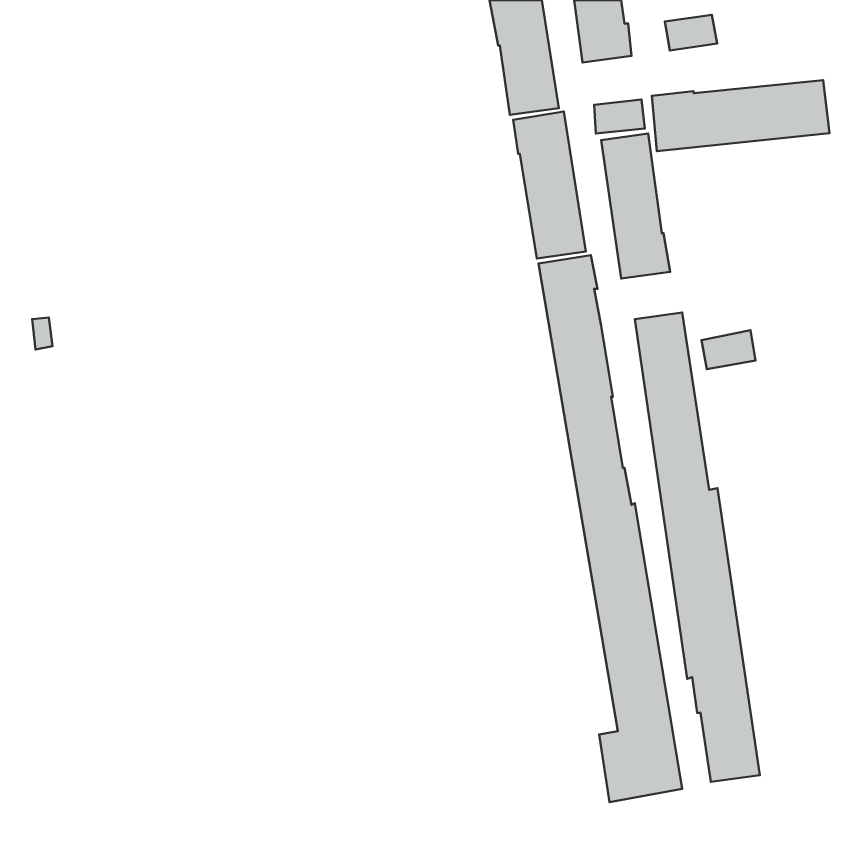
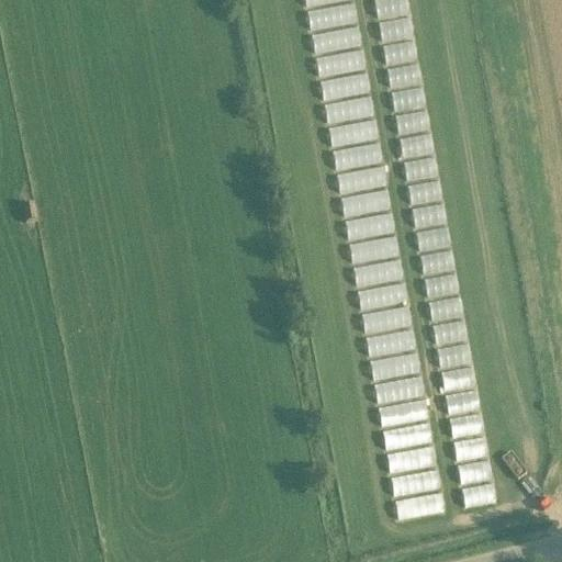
building: [665,15,717,50] -> [381,41,415,64]
building: [652,80,830,151] -> none
building: [702,330,756,369] -> [406,179,441,204]

